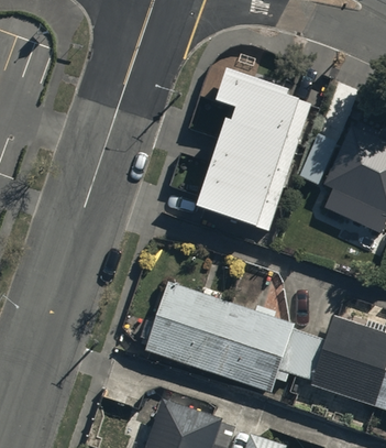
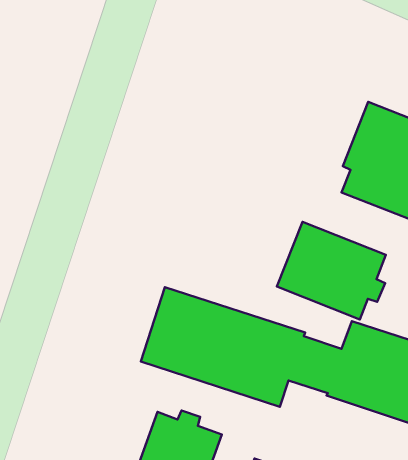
building: [199,70,312,231] -> none
building: none -> [277,222,386,319]

